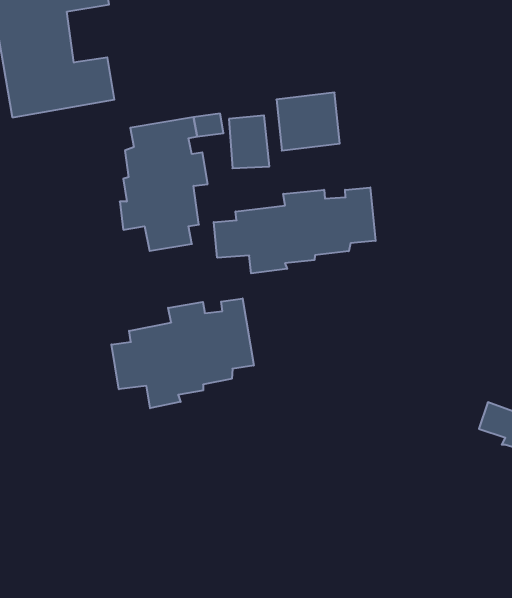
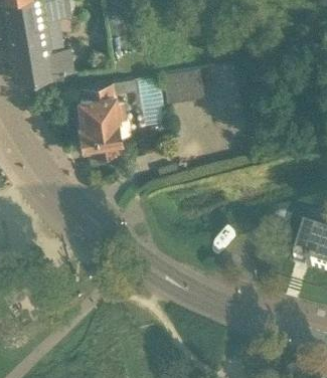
building: [214,187,376,273] -> none
building: [111,298,254,408] -> none

